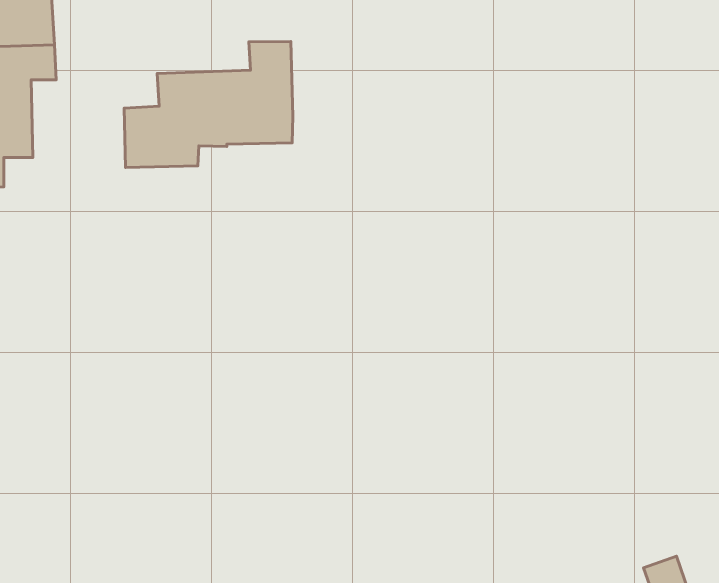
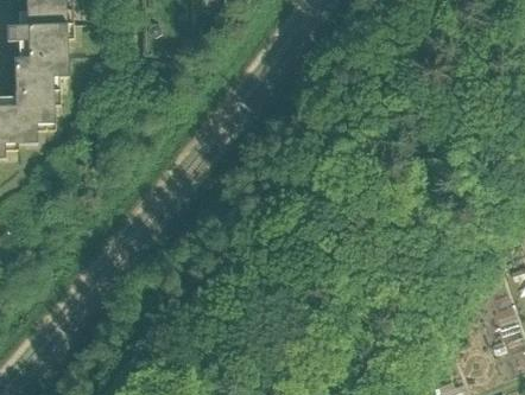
building: [124,42,293,168] -> none

